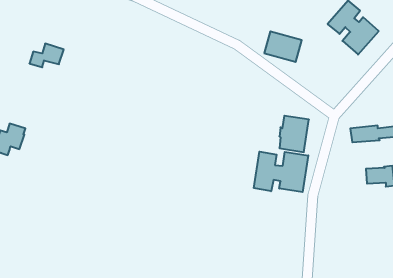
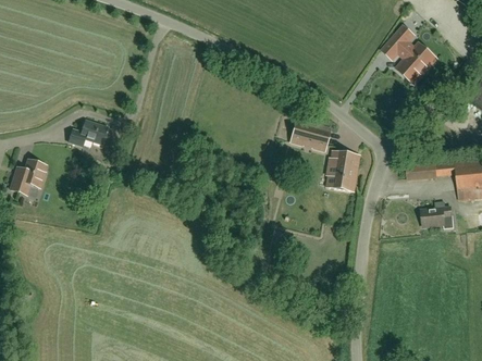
building: [264,31,302,62] -> [288,117,330,151]
building: [29,44,64,67] -> [67,120,106,146]
building: [254,152,308,192] -> none

